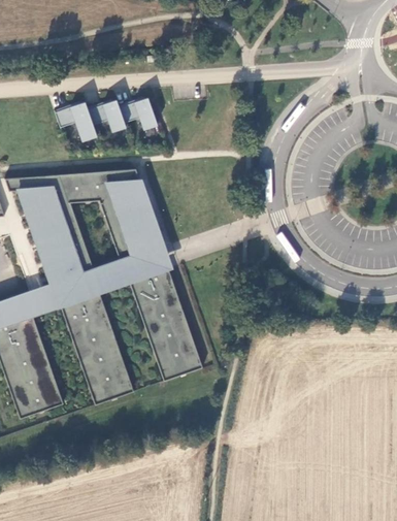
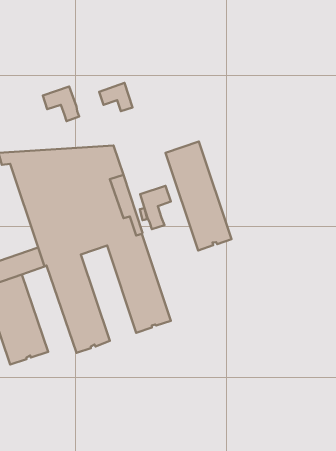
building: [90,99,127,131] -> none
building: none -> [166,141,231,251]
building: none -> [140,186,171,229]

